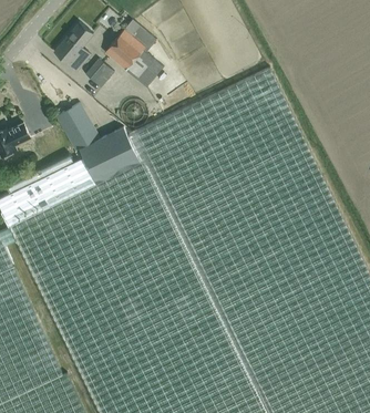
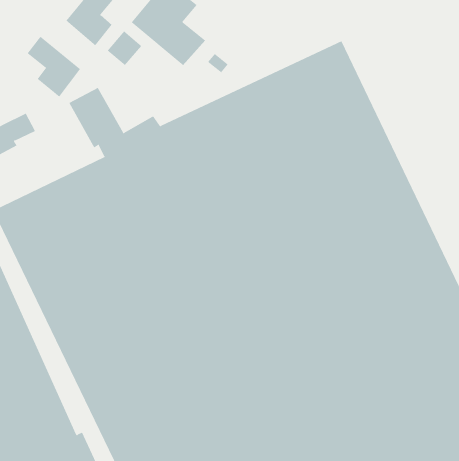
building: none -> [27,36,81,97]

